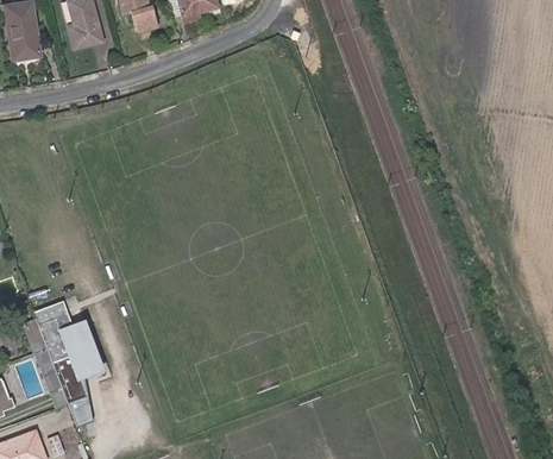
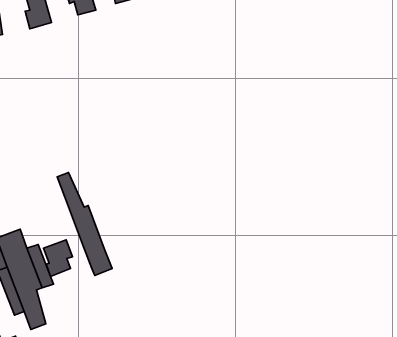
building: none -> [57,173,112,275]
building: none -> [44,240,72,277]

